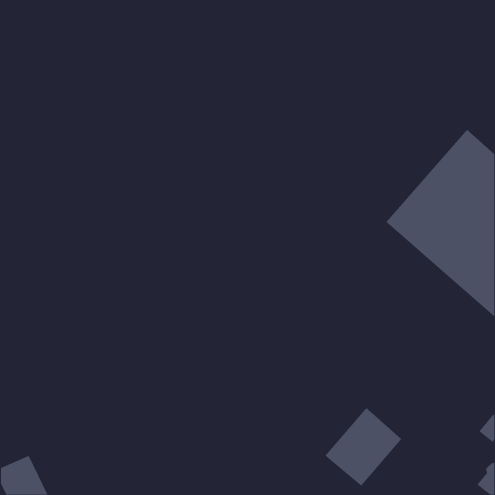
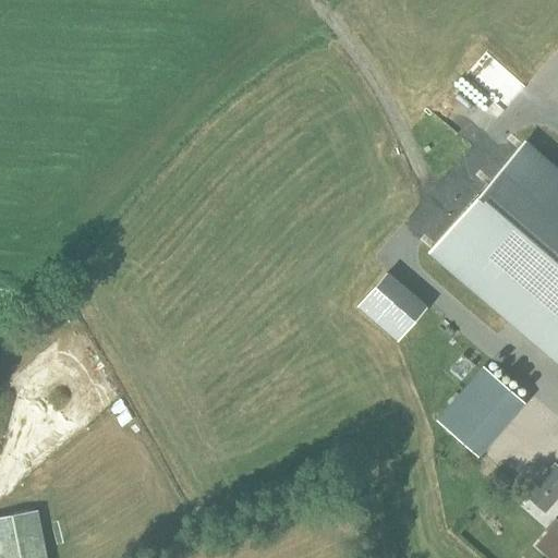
building: none -> [357,274,426,341]
building: [325,407,402,487] -> [436,366,523,456]

